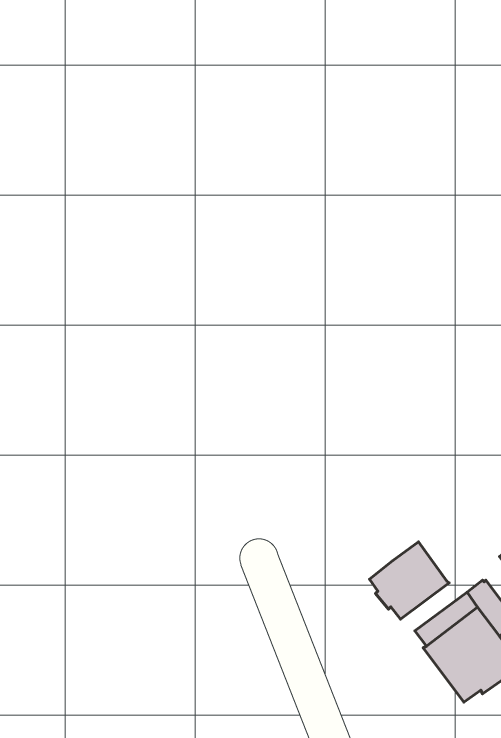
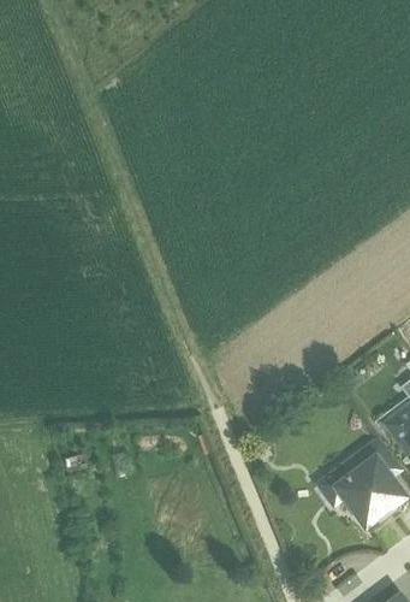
building: [369,542,449,619] -> none

